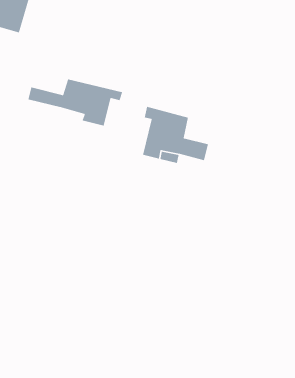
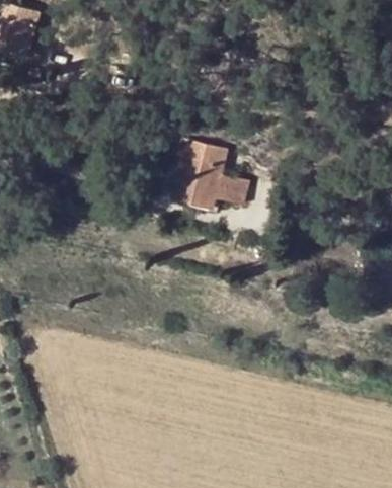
building: [27,79,123,127] -> none

